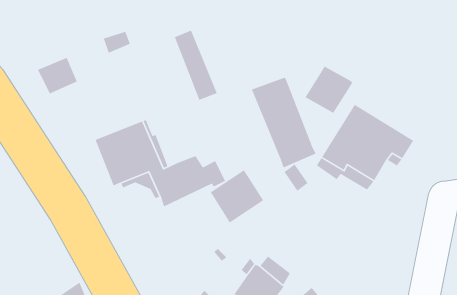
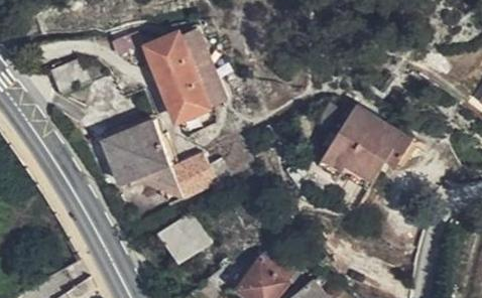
building: [305,66,353,114] -> none
building: [251,77,317,169] -> [143,32,207,121]
building: [210,169,264,223] -> [156,212,209,265]

